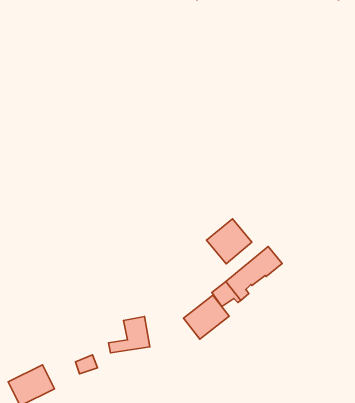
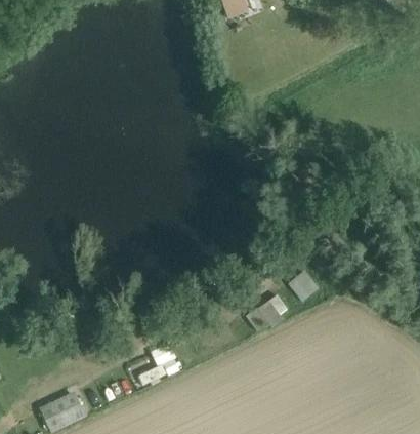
building: [207,219,252,264] -> none
building: [184,295,229,339] -> none

